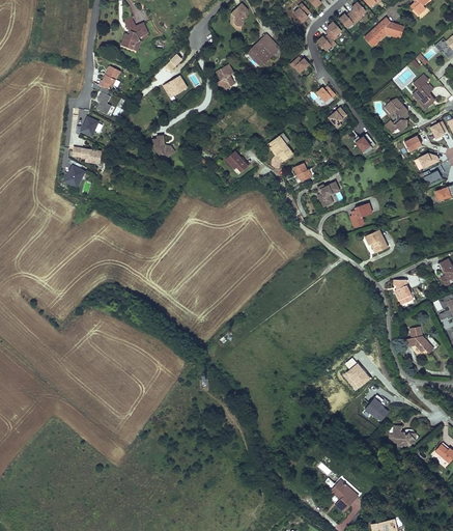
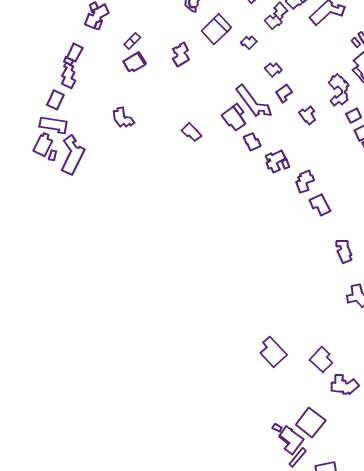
building: none -> [236,84,271,116]
building: none -> [62,135,85,175]
building: [342,358,371,391] -> [260,337,287,367]
building: none -> [296,408,326,437]

